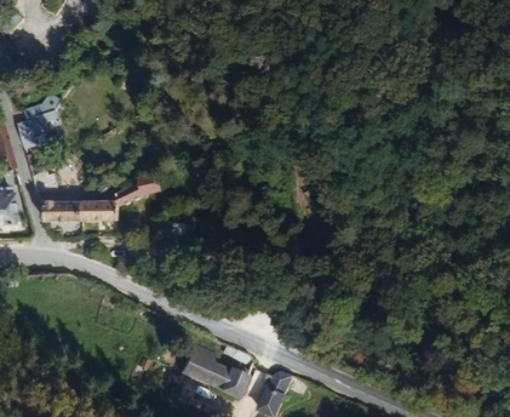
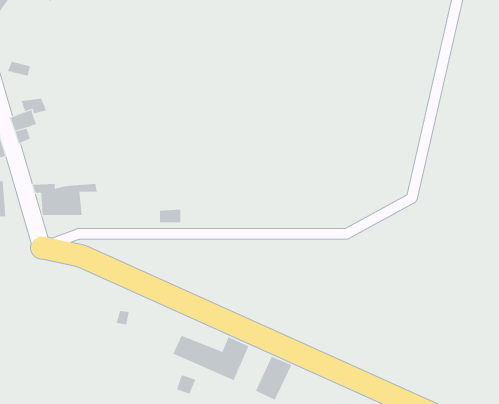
building: [80,171,164,225] -> none

